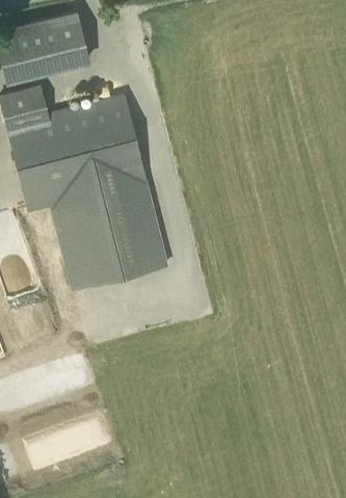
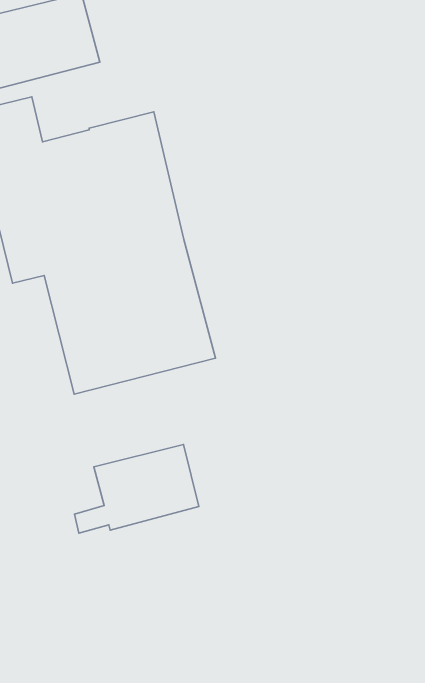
building: none -> [75,444,199,533]

